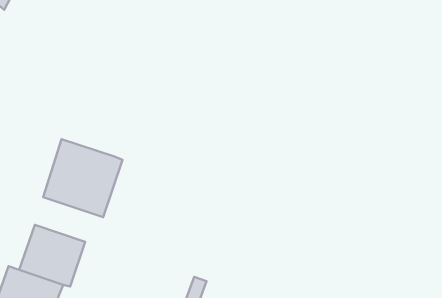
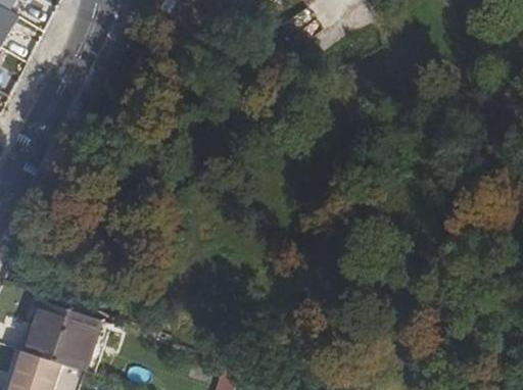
building: [43,139,122,217] -> none

